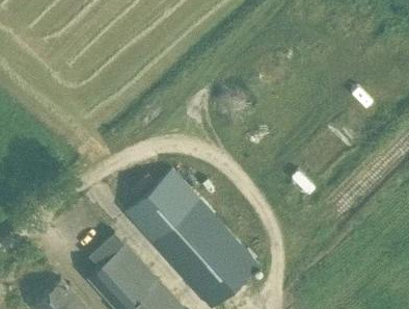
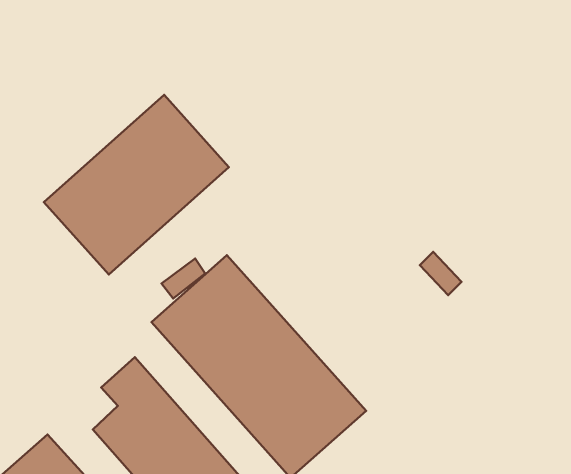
building: none -> [44,95,229,275]

